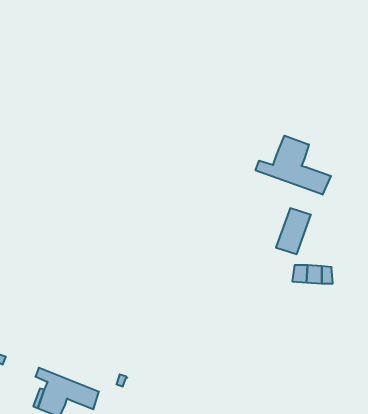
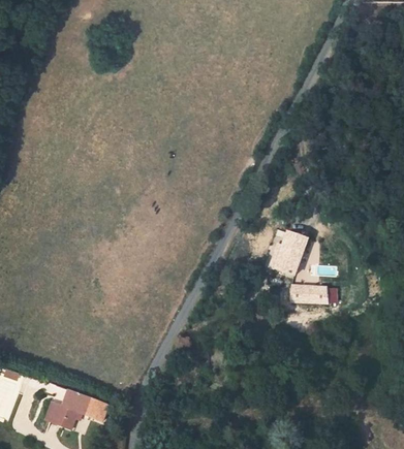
building: [256,136,331,195] -> none

